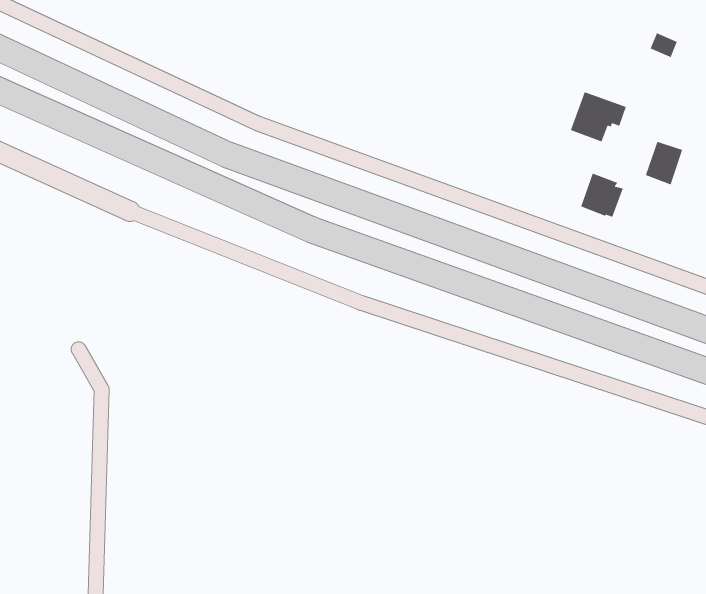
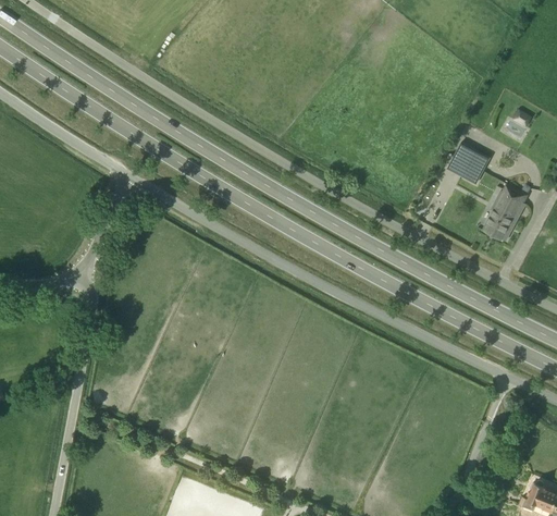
building: [580,173,624,218] -> [483,208,516,242]

